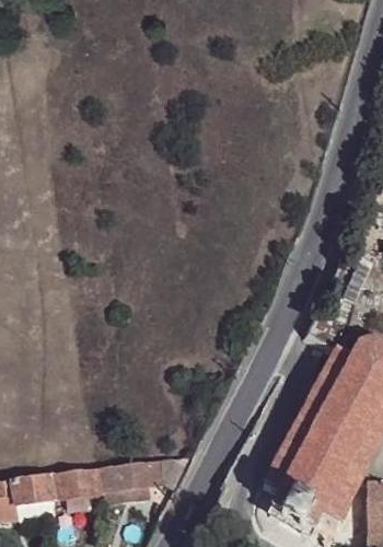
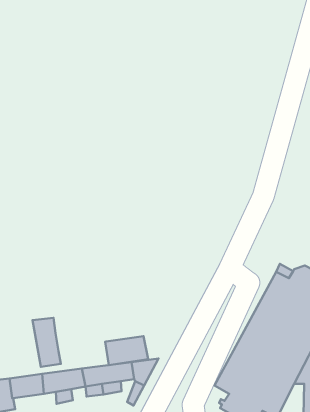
building: none -> [33,318,61,367]
building: none -> [105,336,148,365]

